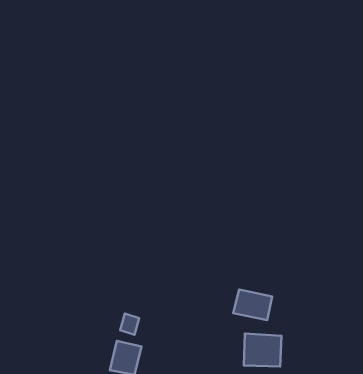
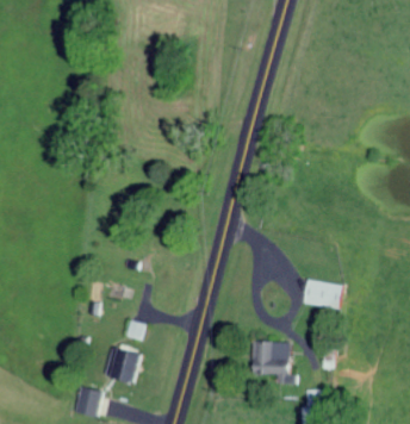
building: [233,290,272,320] -> [302,279,341,310]

